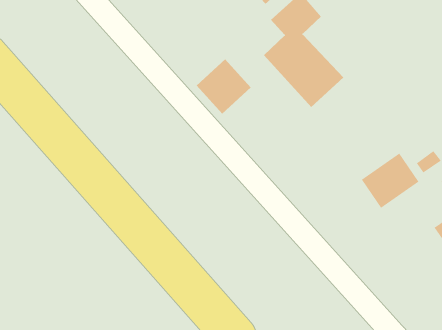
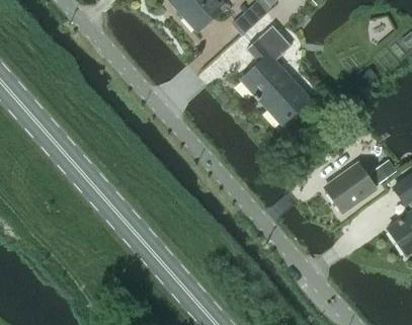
building: [196,58,252,114] -> none

